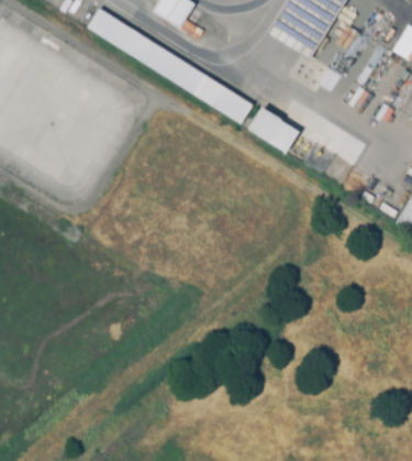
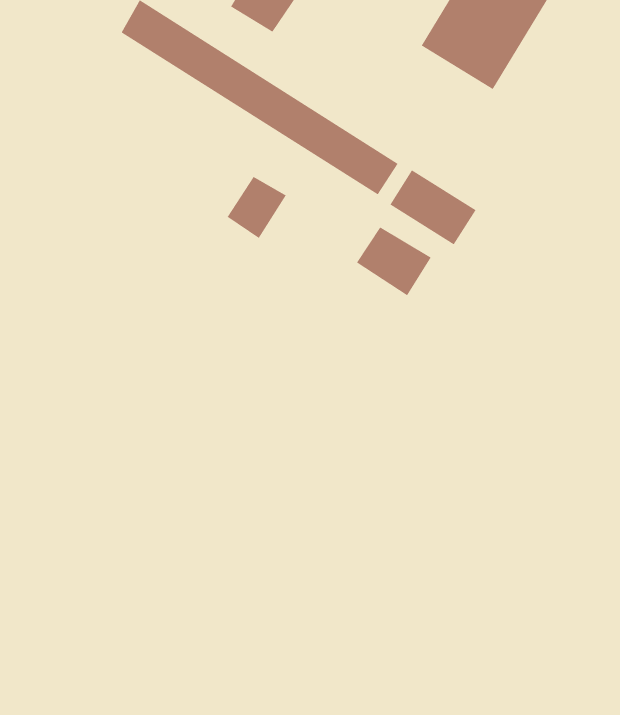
building: none -> [227,176,286,239]
building: none -> [356,226,431,296]

